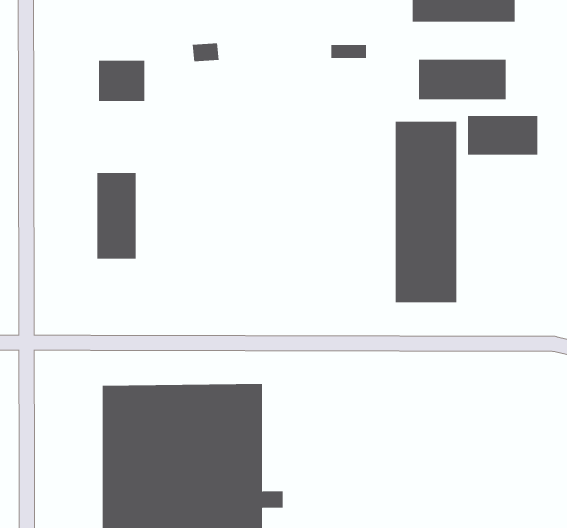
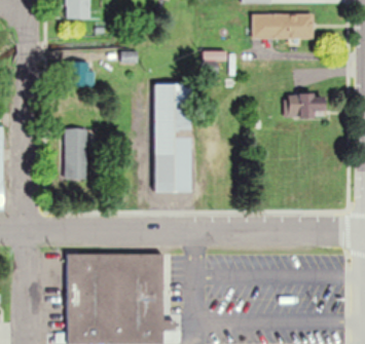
building: [419,59,506,100] -> none
building: [395,121,457,303] -> [154,84,191,192]

